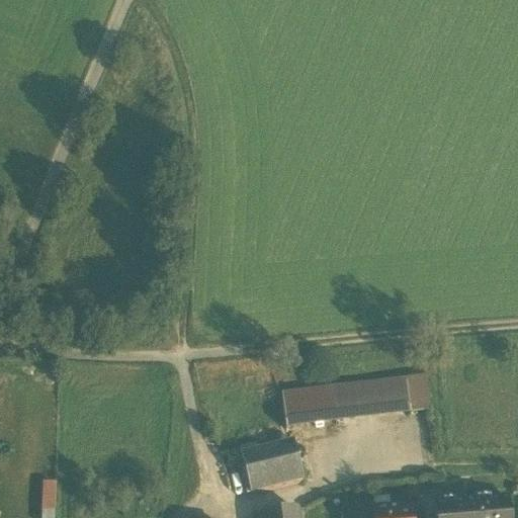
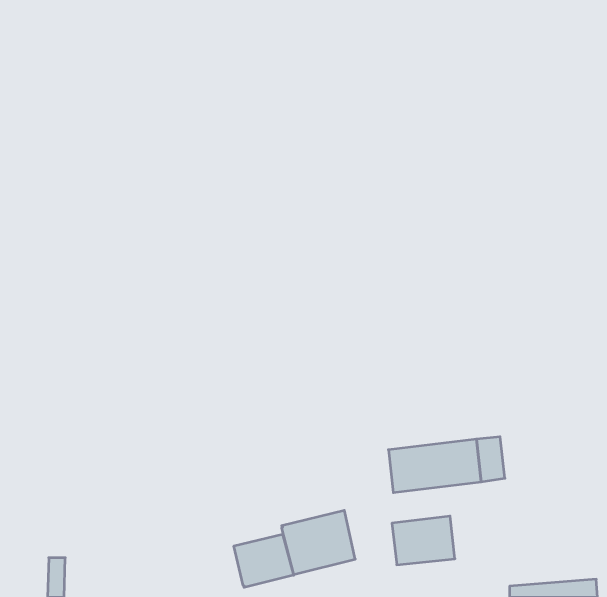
building: [281,383,335,425] -> [392,516,455,565]
building: none -> [234,534,294,587]

